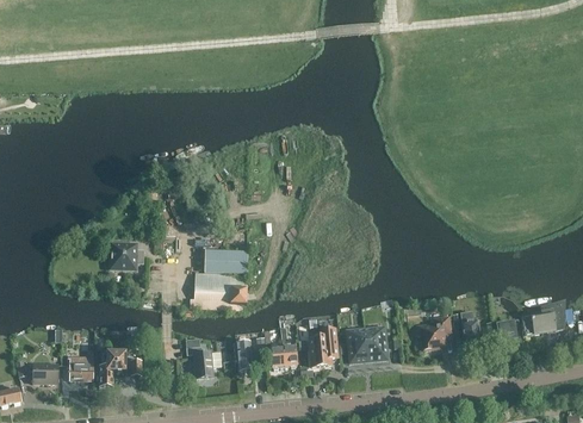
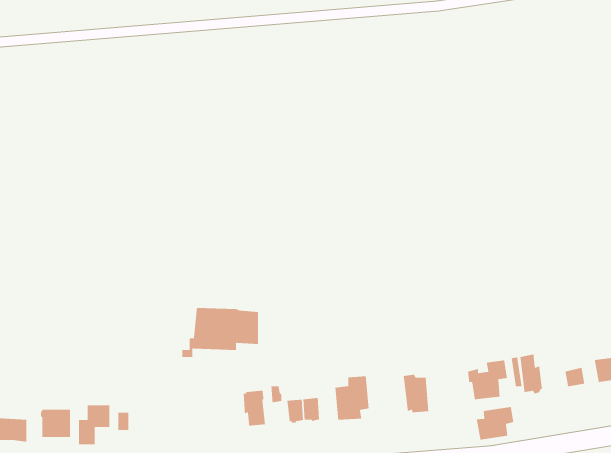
building: [108,242,143,269] -> none
building: [203,250,246,273] -> none
building: [346,329,367,362] -> none
building: [184,338,219,378] -> none
building: none -> [476,406,514,440]

